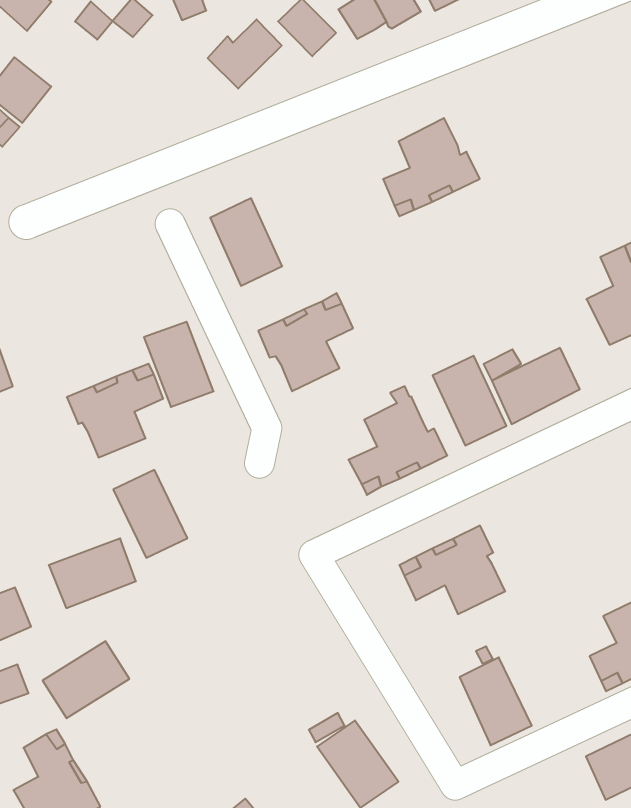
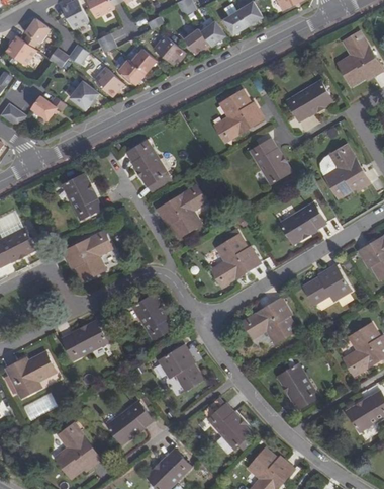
building: none -> [93,66,123,96]
building: none -> [69,80,98,109]
building: none -> [30,94,65,119]
building: none -> [287,80,332,120]
building: [144,322,214,407] -> [62,174,100,219]
building: [433,356,506,446] -> [251,138,291,184]
building: [113,470,187,558] -> [132,294,173,339]
building: none -> [303,264,351,304]
building: none -> [159,344,203,390]
building: [43,641,129,718] -> [107,401,152,442]

